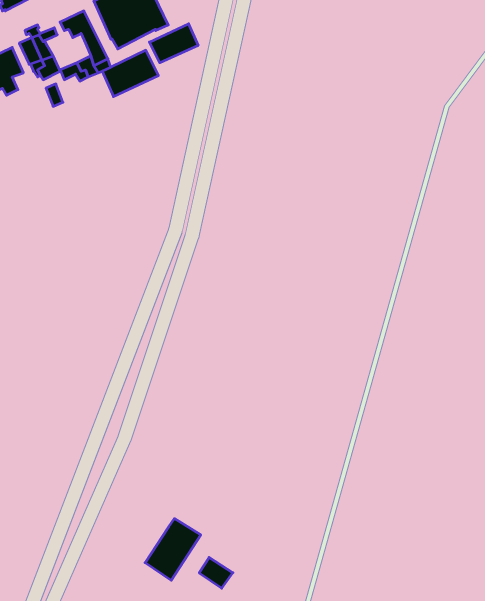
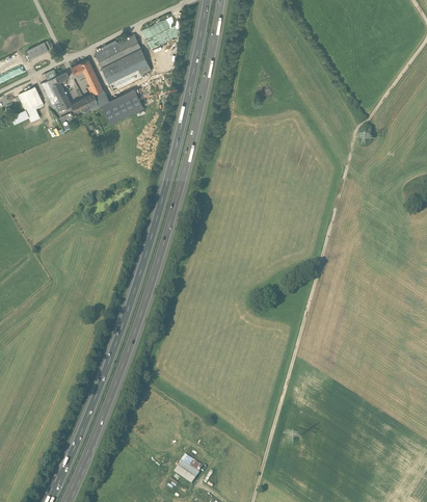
building: [149,24,198,63] -> none
building: [145,519,201,580] -> none

